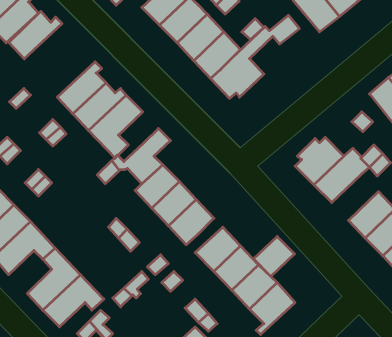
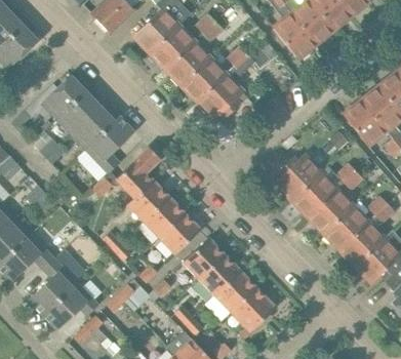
building: [9,11,62,59] -> [41,75,90,119]
building: none -> [309,190,352,233]
building: [254,236,295,277] -> none

